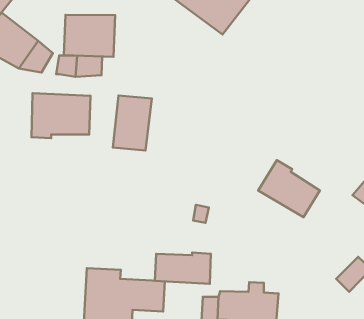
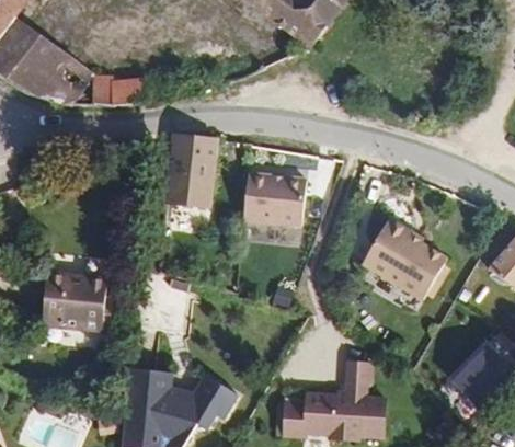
building: [64,15,115,57] -> none
building: [32,93,90,138] -> none
building: none -> [241,167,305,218]
building: none -> [42,273,105,329]
building: [155,253,211,284] -> none

